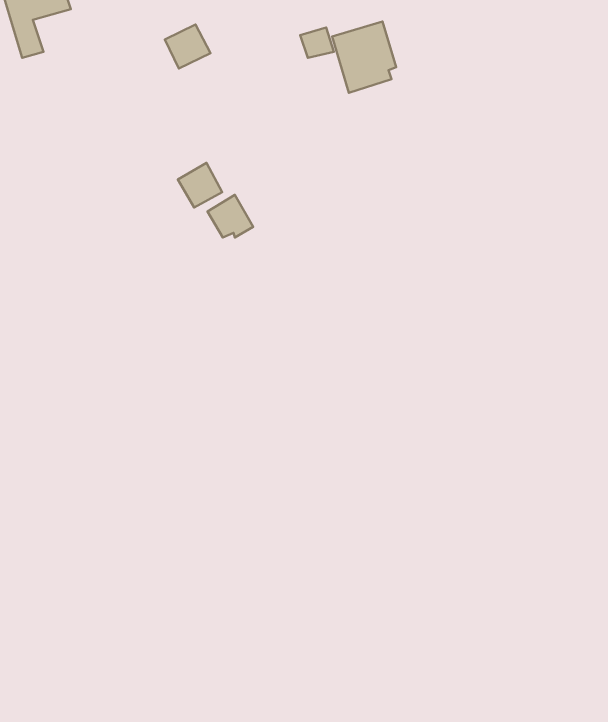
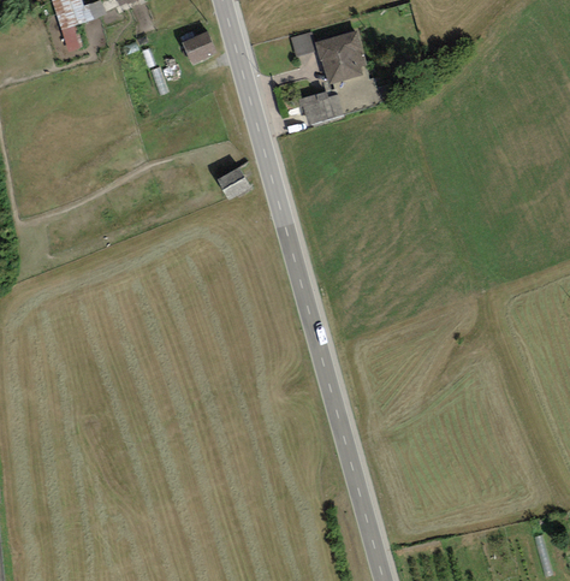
building: none -> [299,90,344,124]
building: [178,163,222,208] -> none

